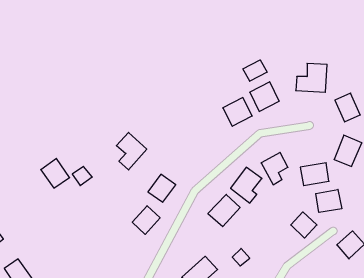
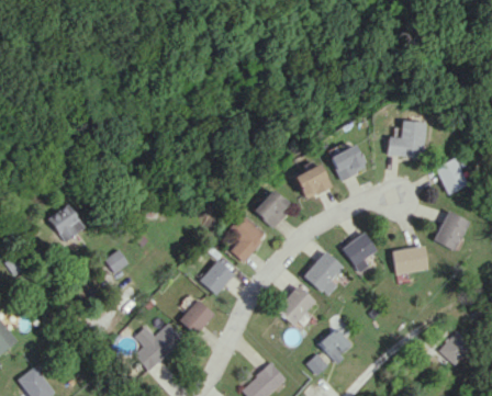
building: [243,60,267,81] -> none
building: none -> [253,189,288,228]
building: [116,132,147,170] -> [227,214,266,261]
building: [41,158,70,188] -> [47,204,83,241]
building: [316,189,342,212] -> none
building: [291,212,317,238] -> [318,328,351,361]
building: none -> [134,324,183,372]

